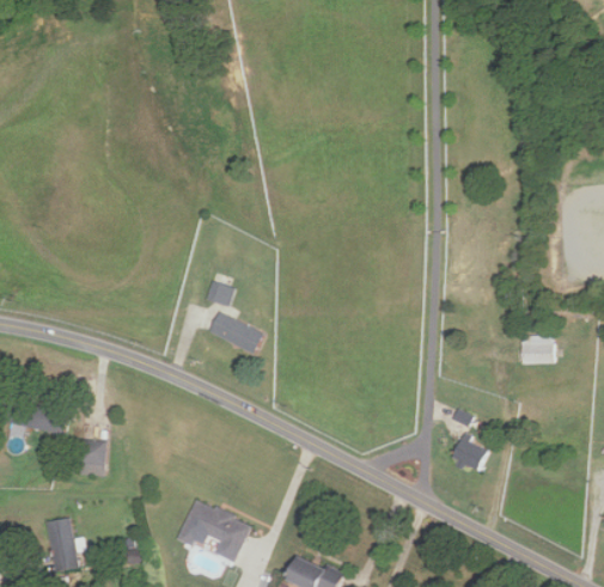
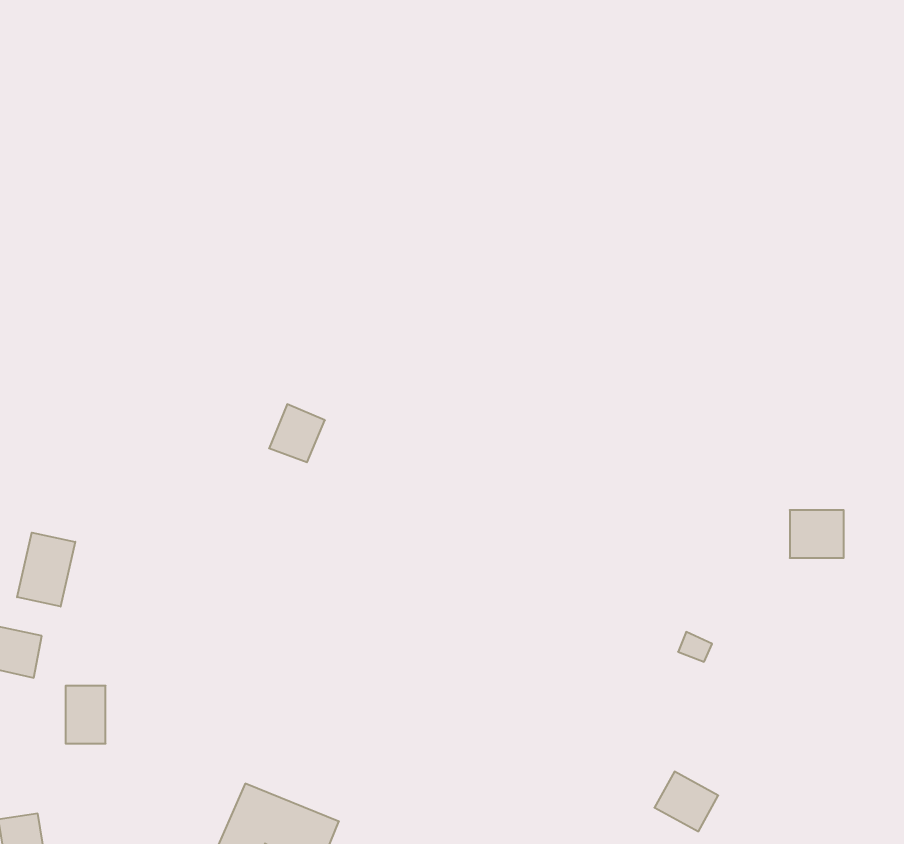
building: [211,313,264,353] -> none
building: none -> [17,533,75,607]
building: [450,436,488,472] -> [654,772,718,831]

